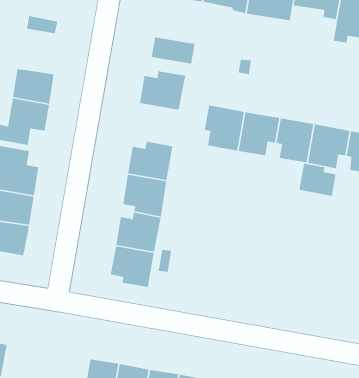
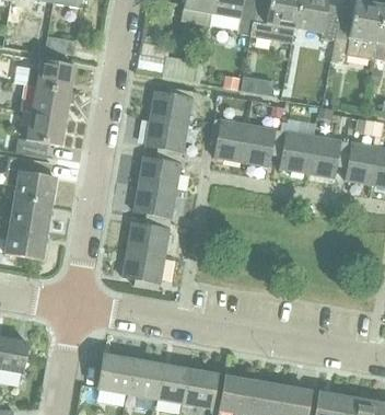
building: none -> [26,60,74,91]
building: none -> [144,118,186,158]
building: [299,163,337,197] -> none

